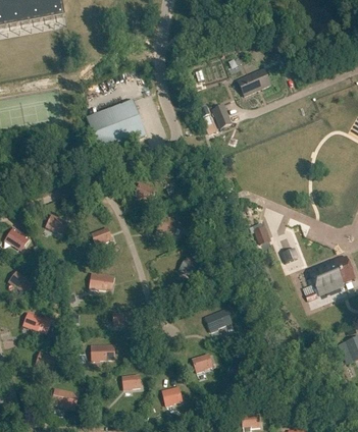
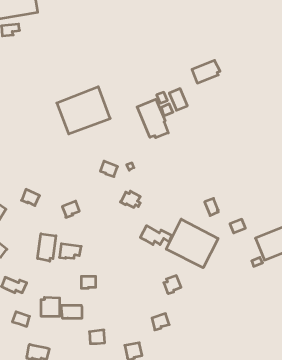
building: none -> [137,99,168,138]
building: none -> [166,219,218,268]
building: none -> [38,234,56,261]
building: none -> [41,297,60,316]

